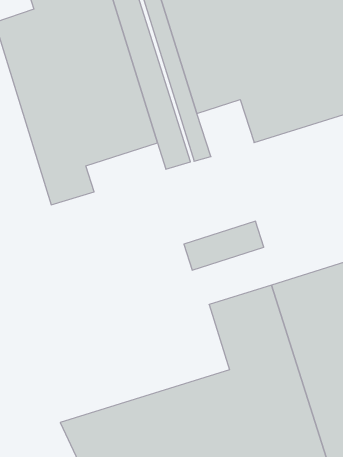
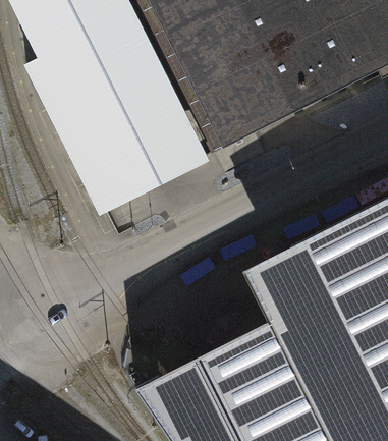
building: none -> [207,97,258,148]
building: [184,221,264,270] -> [122,144,188,192]

